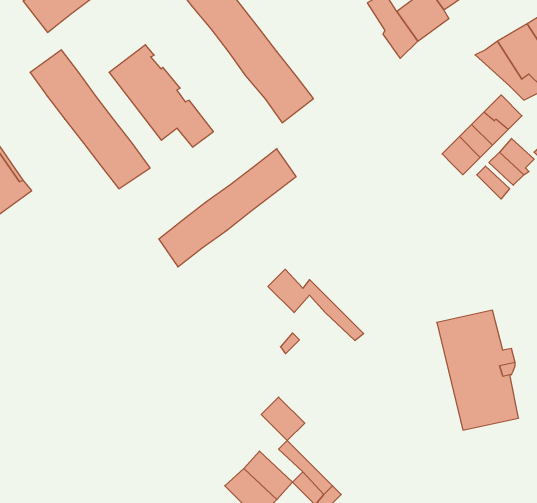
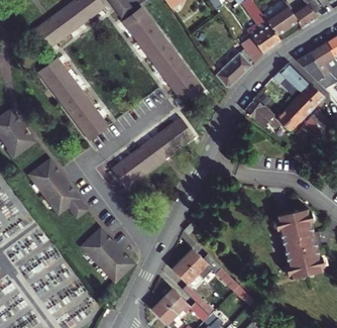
building: none -> [217,49,252,87]
building: [109,45,213,147] -> [32,157,93,217]
building: none -> [274,64,311,93]
building: none -> [244,99,283,132]
building: [268,269,364,340] -> [182,250,237,292]
building: none -> [86,225,139,280]

